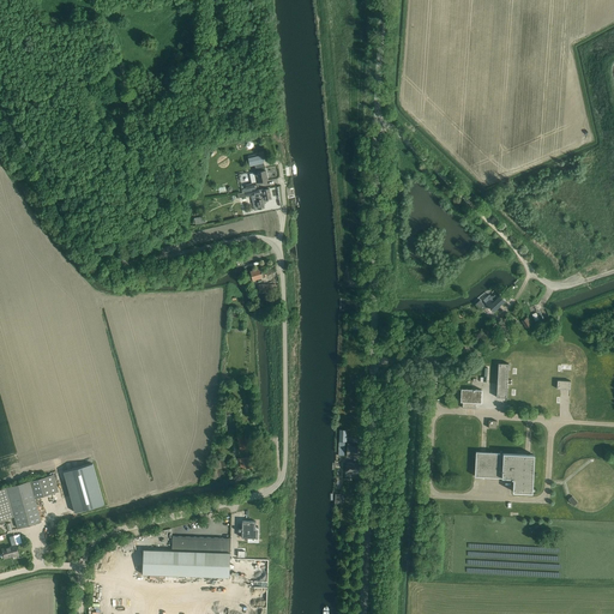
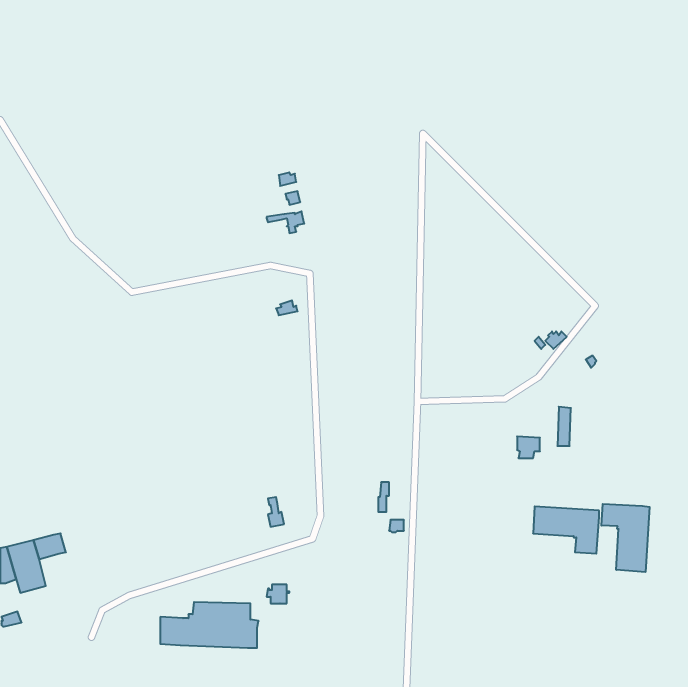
building: none -> [601,504,650,572]
building: [64,464,104,513] -> none

